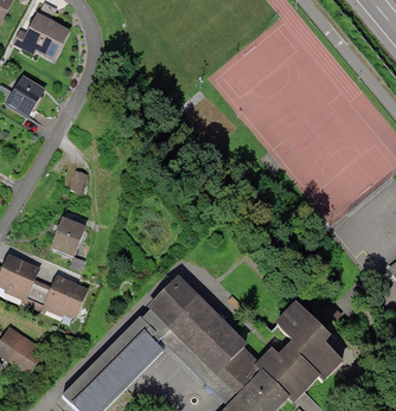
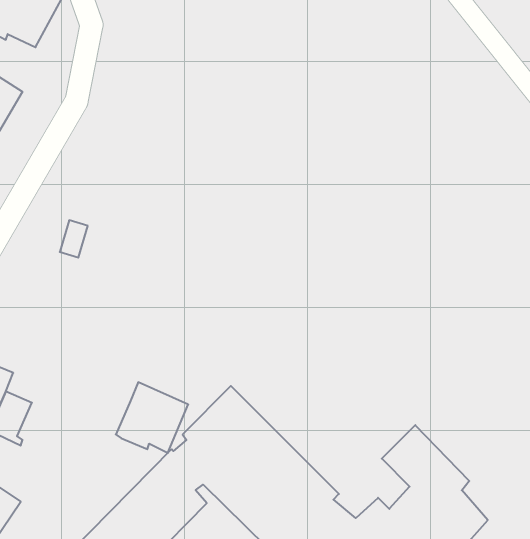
building: [49,216,85,256] -> none
building: [41,274,88,319] -> [116,382,188,453]

